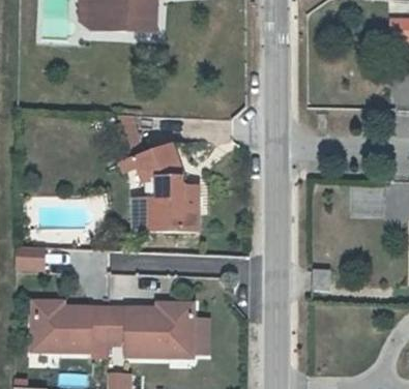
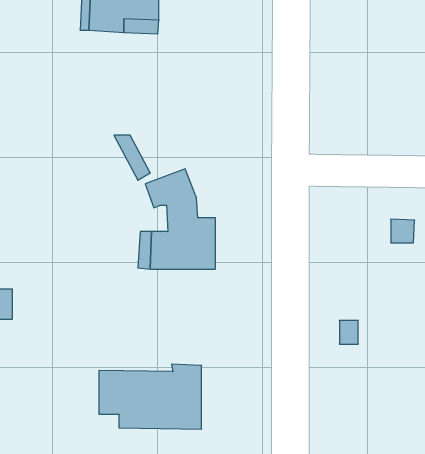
building: [34,305,110,354] -> none

